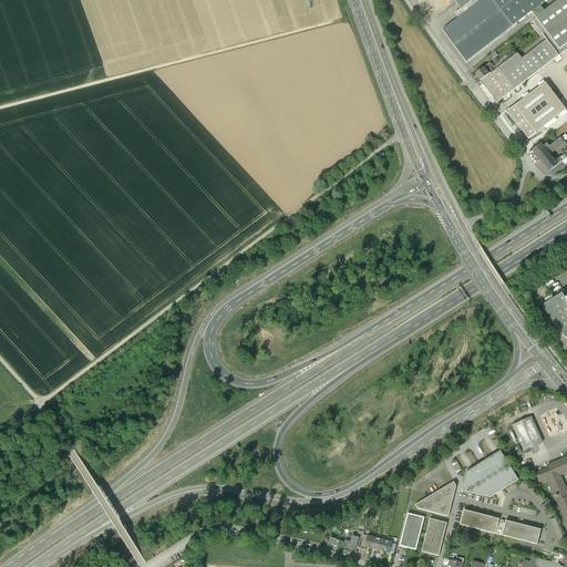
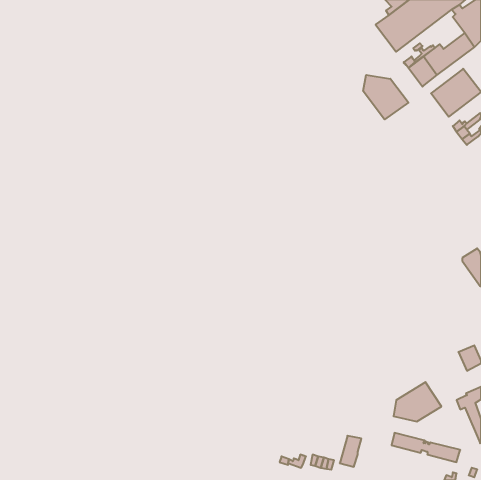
building: none -> [363,75,408,119]
building: [512,415,543,450] -> none
building: [416,482,456,516] -> none
building: [421,518,447,556] -> none

